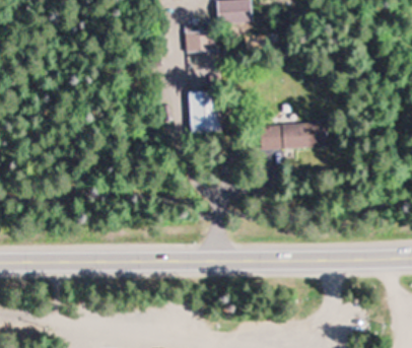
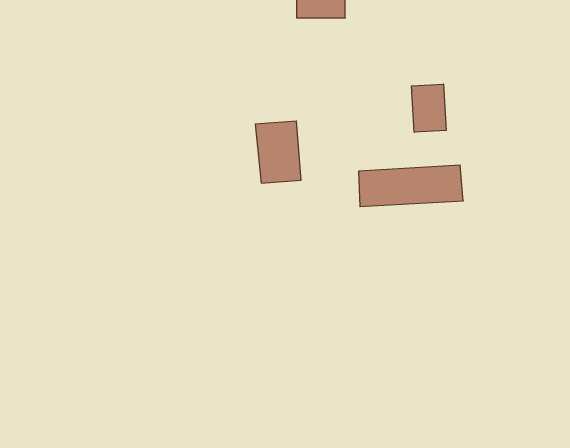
building: [183,30,216,51] -> none
building: none -> [412,84,446,132]

